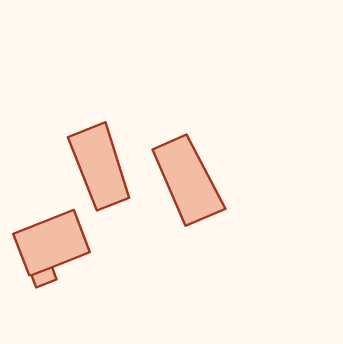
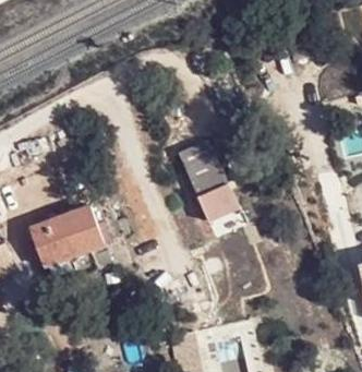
building: [68,122,129,211] -> none

